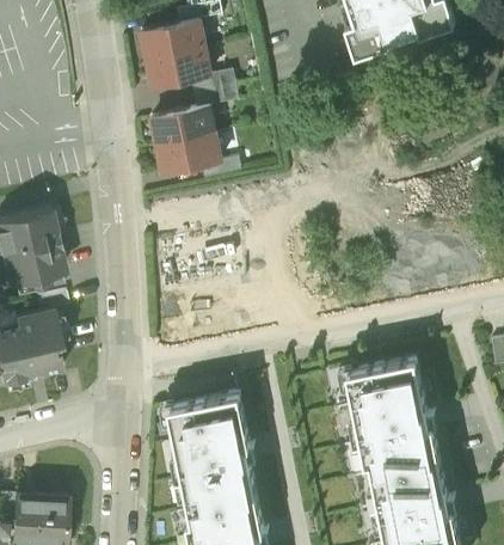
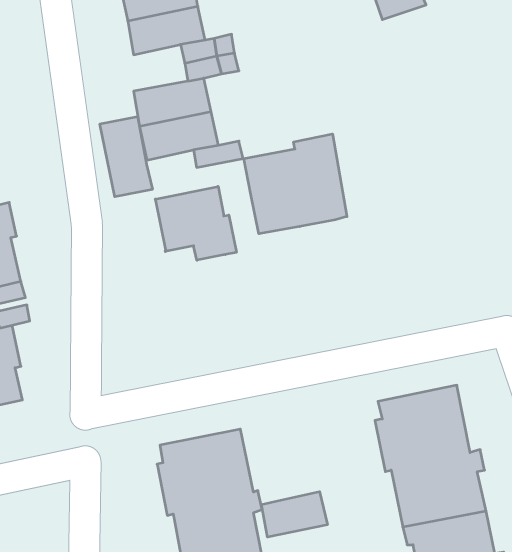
building: none -> [100,117,152,197]
building: none -> [244,134,347,234]
building: none -> [155,186,236,260]
building: none -> [261,492,327,537]

